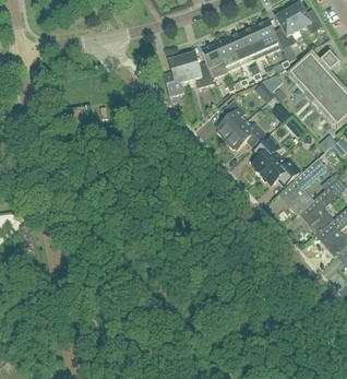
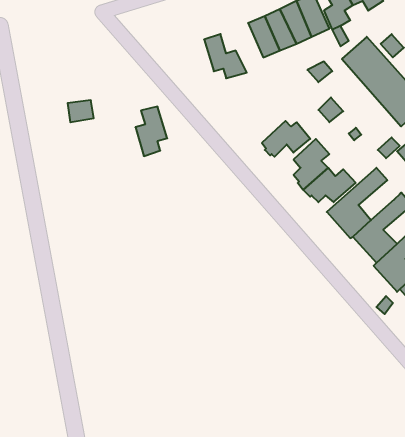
building: [202,43,228,76] -> none
building: [164,56,189,95] -> [135,107,167,156]
building: [217,98,246,138] -> none

